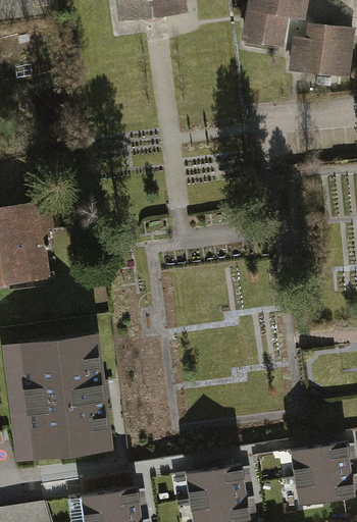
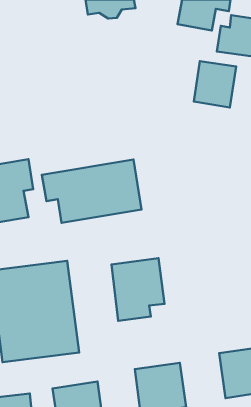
building: none -> [194,61,236,108]
building: none -> [42,160,142,223]
building: none -> [111,258,165,321]

